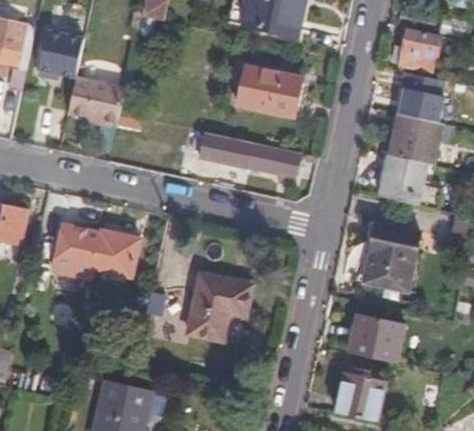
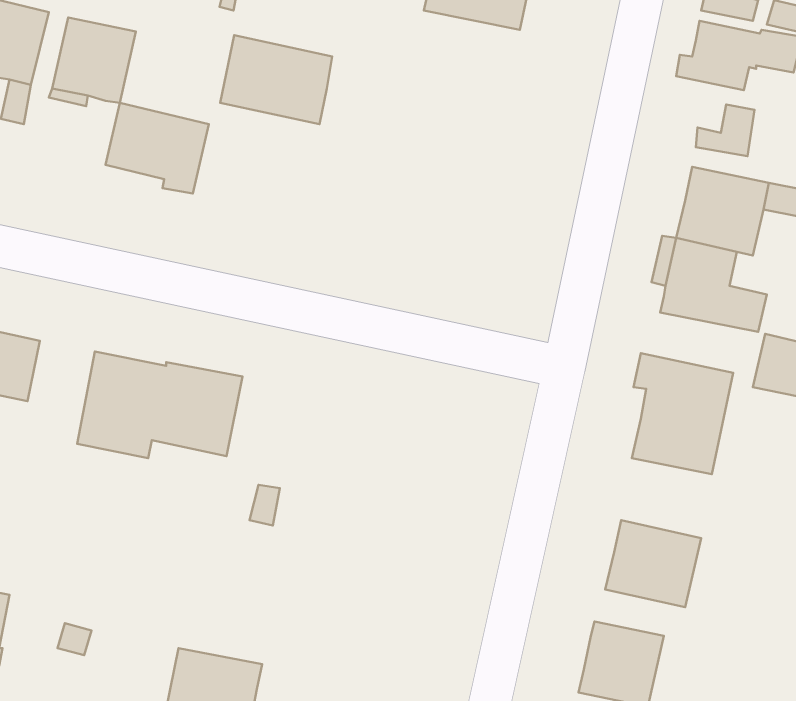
building: [238,65,301,115] -> [220,35,332,124]
building: [197,134,297,179] -> none
building: [190,274,251,339] -> none

